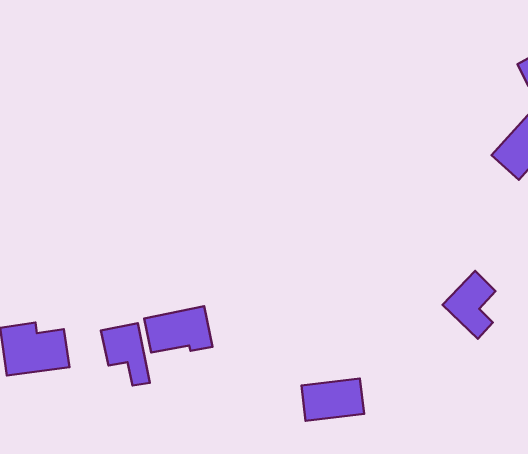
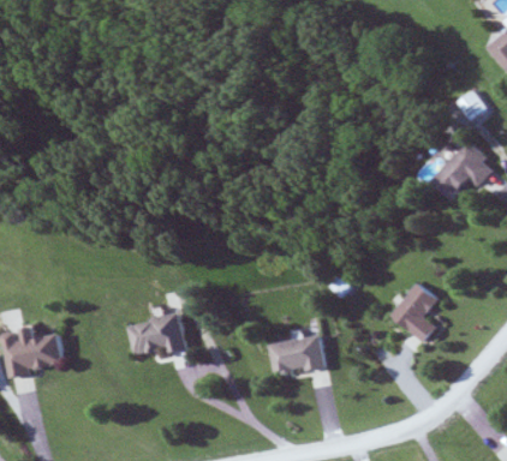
building: [101,323,150,386] -> none
building: [301,379,364,421] -> [270,336,326,373]

